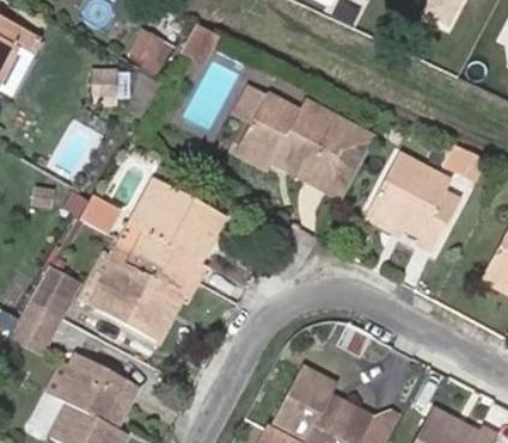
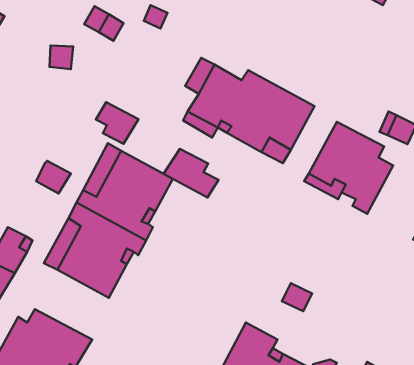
building: none -> [96,102,139,144]
building: none -> [163,149,219,198]

